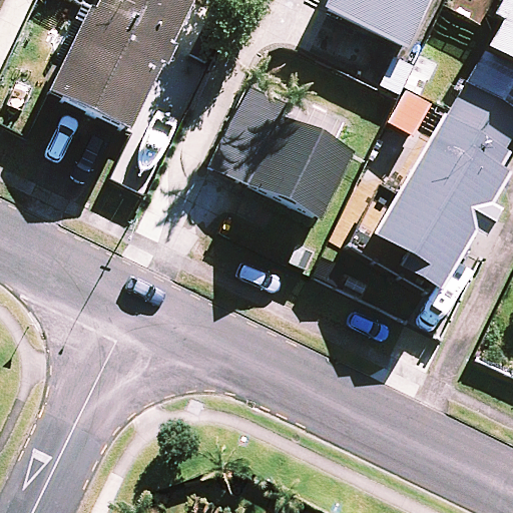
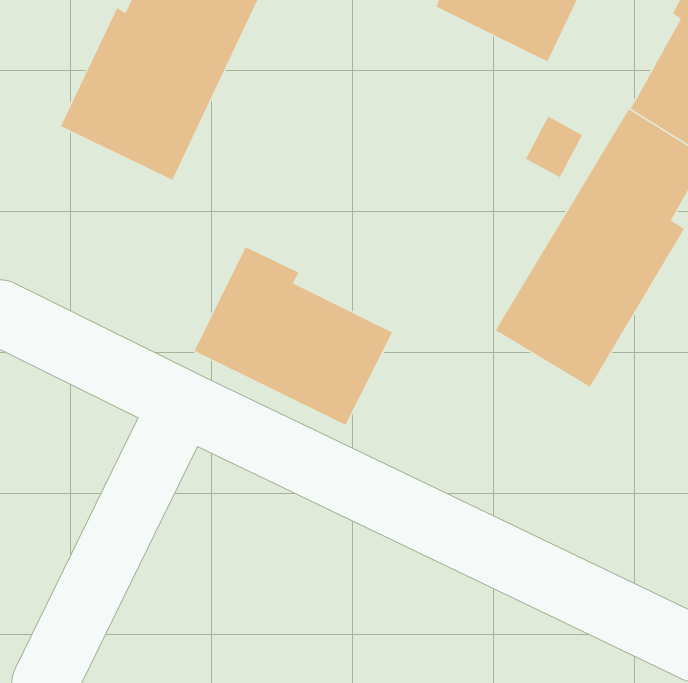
building: [209,86,357,218] -> [193,246,393,426]

